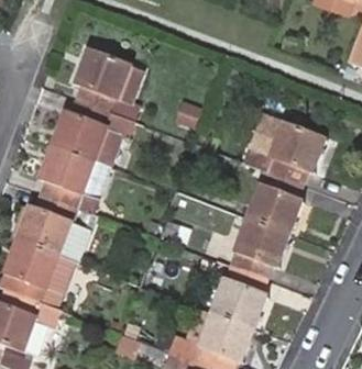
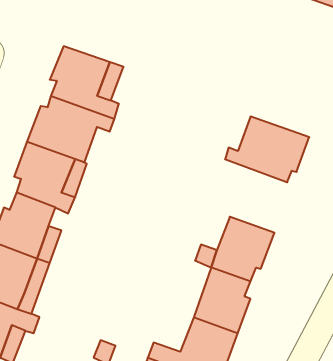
building: [241,159,301,230] -> none

